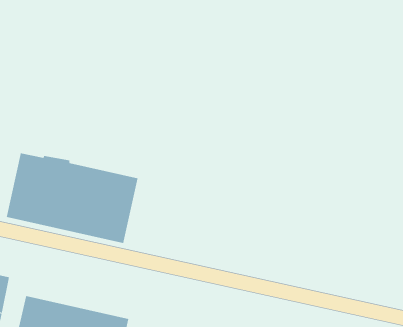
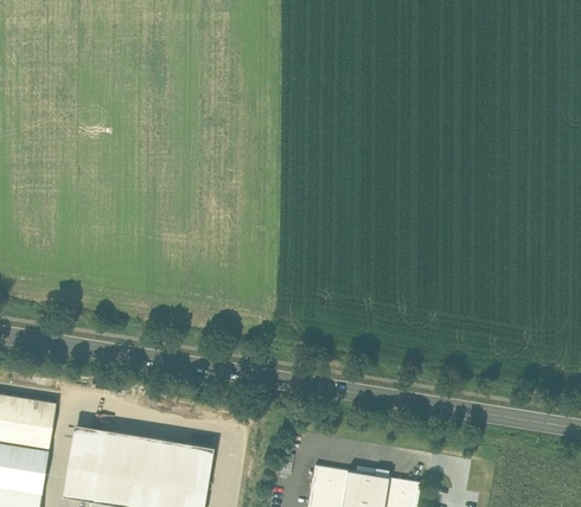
building: [6,153,138,244] -> none

